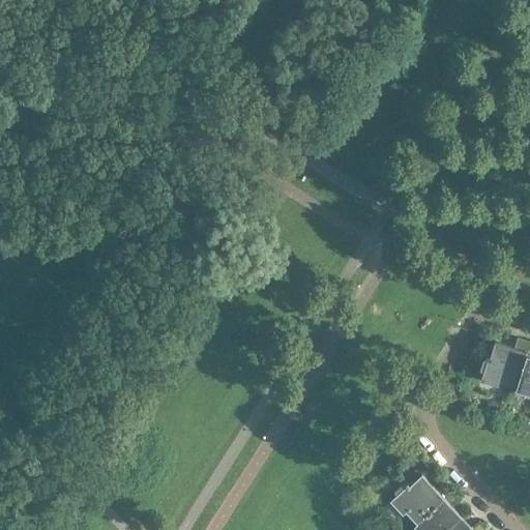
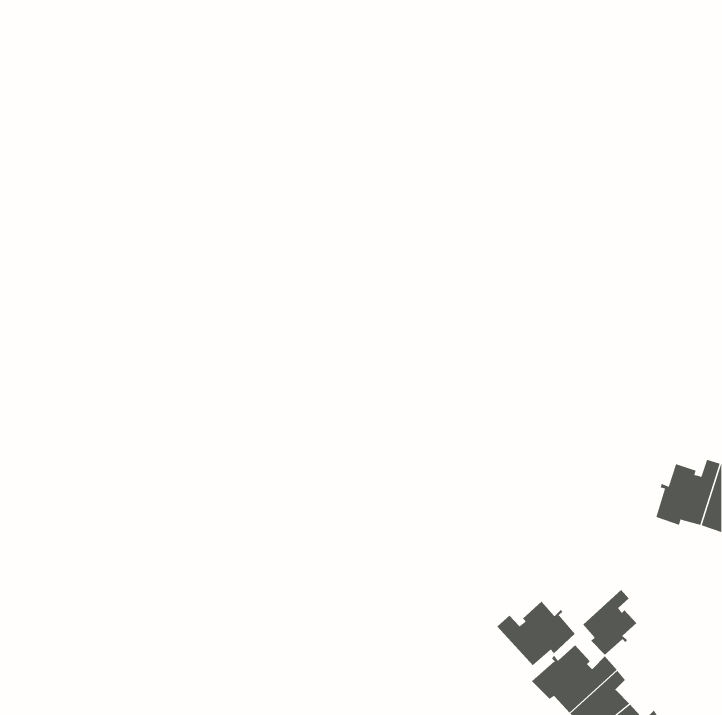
building: none -> [583,589,637,656]
building: none -> [497,601,575,666]

